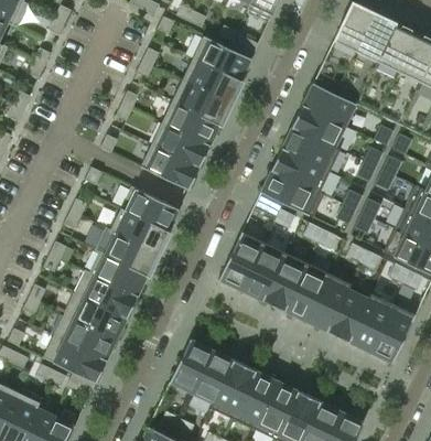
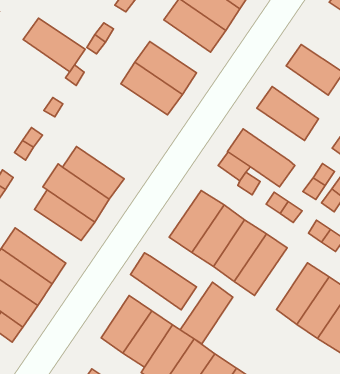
building: [173,80,230,125] -> none
building: [292,106,345,148] -> none
building: [141,146,200,191] -> [23,18,85,72]
building: [271,149,330,193] -> none
building: [120,186,180,233] -> none
building: [75,271,138,319] -> [130,253,197,310]
building: [305,273,349,332] -> [180,282,233,344]

